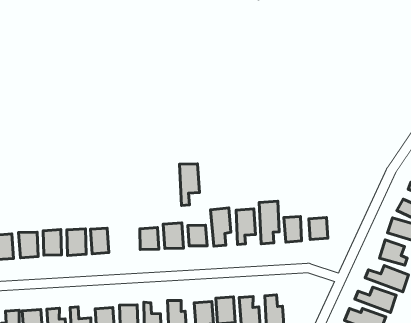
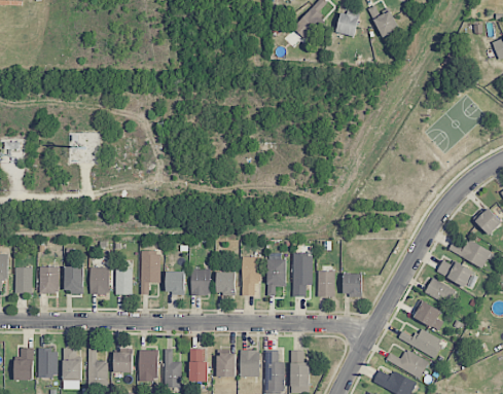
building: [180,164,199,205] -> [141,251,160,294]

